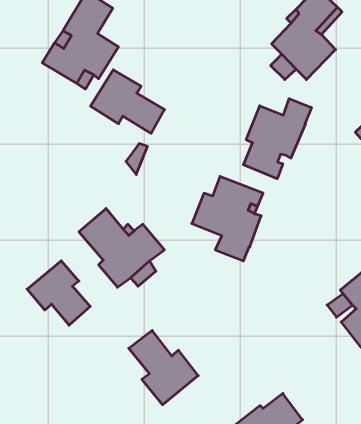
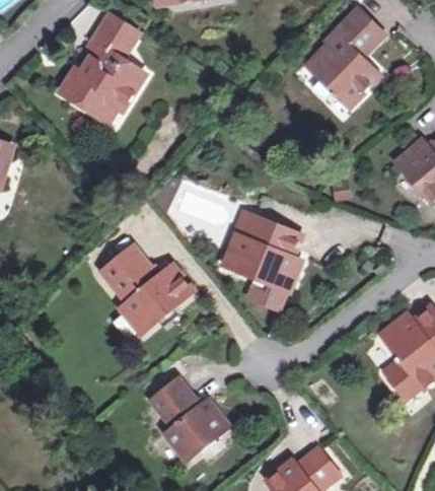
building: [91,70,165,133] -> none
building: [243,99,311,179] -> none
building: [27,261,90,325] -> none

